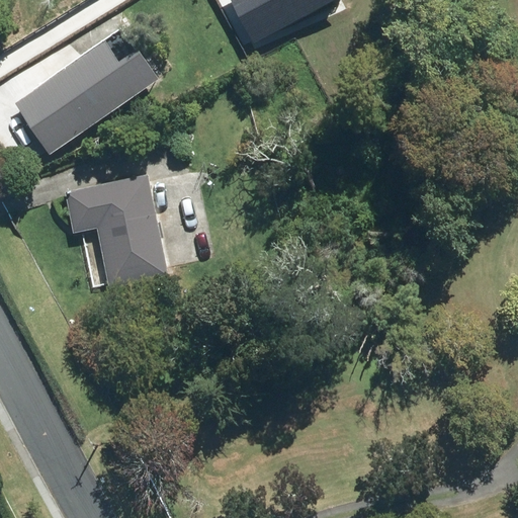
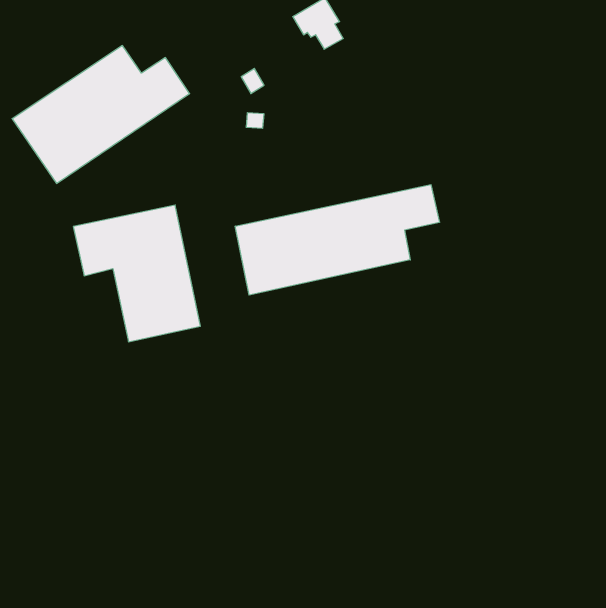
building: none -> [235,185,439,295]

